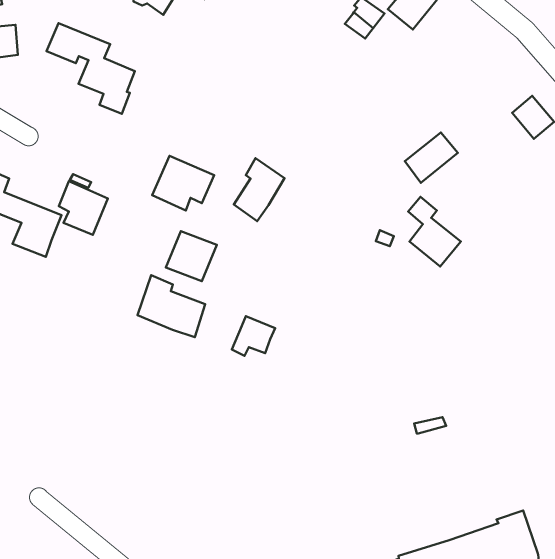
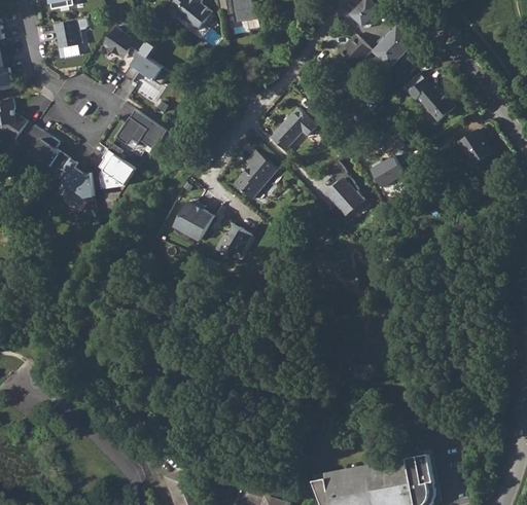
building: none -> [408,78,454,122]
building: none -> [266,109,314,155]
building: [152,156,214,210] -> [115,110,166,154]
building: [408,197,461,267] -> [324,160,364,217]
building: [138,275,205,337] -> none
building: [232,316,275,356] -> [214,224,250,255]

